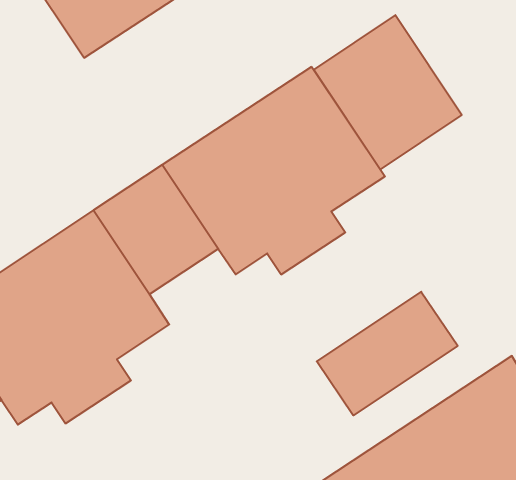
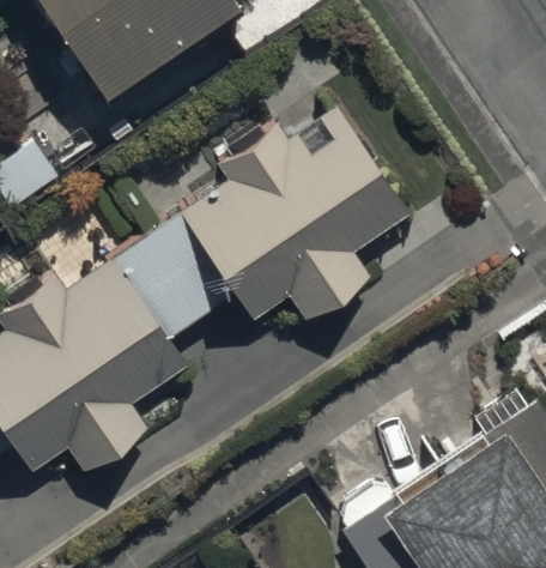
building: [314,15,462,170] -> none
building: [317,292,458,415] -> none

